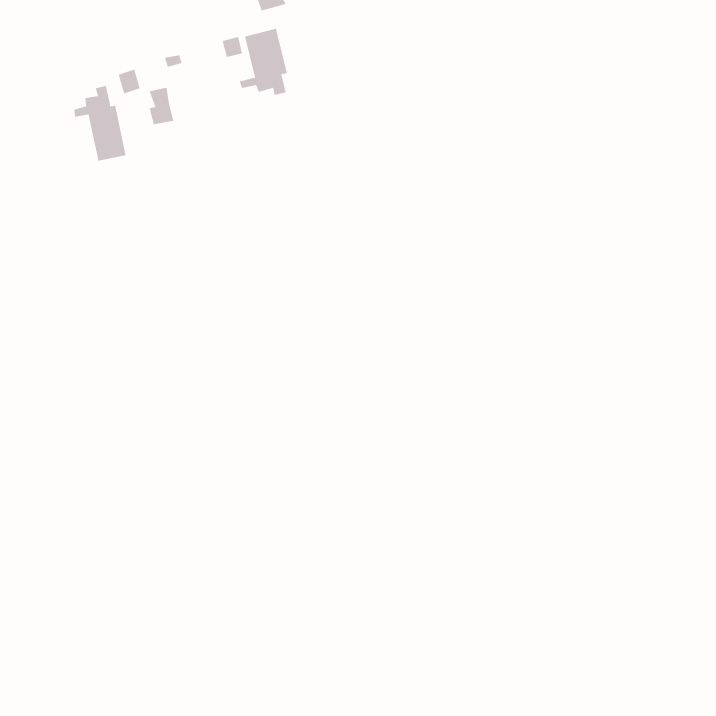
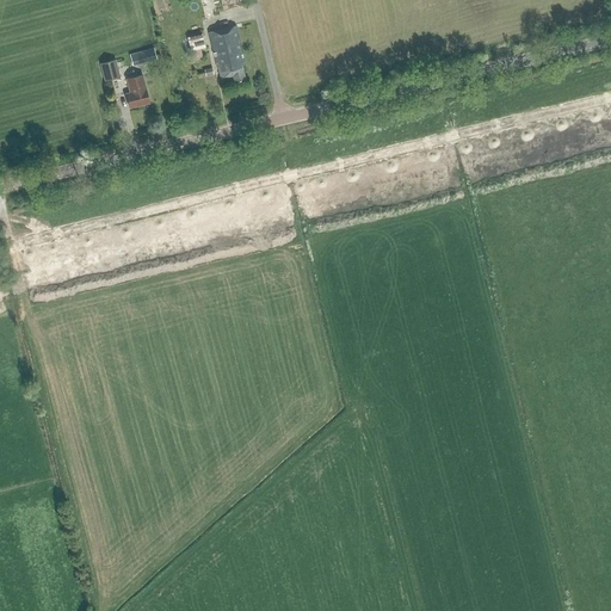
building: [74,85,126,161] -> none

